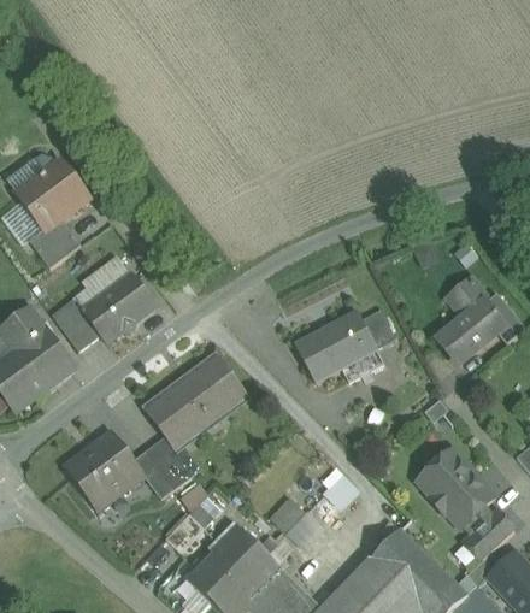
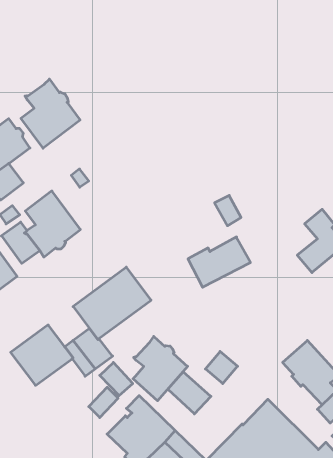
building: none -> [21,79,80,148]
building: [360,308,395,348] -> [215,195,241,226]
building: none -> [133,336,188,401]

